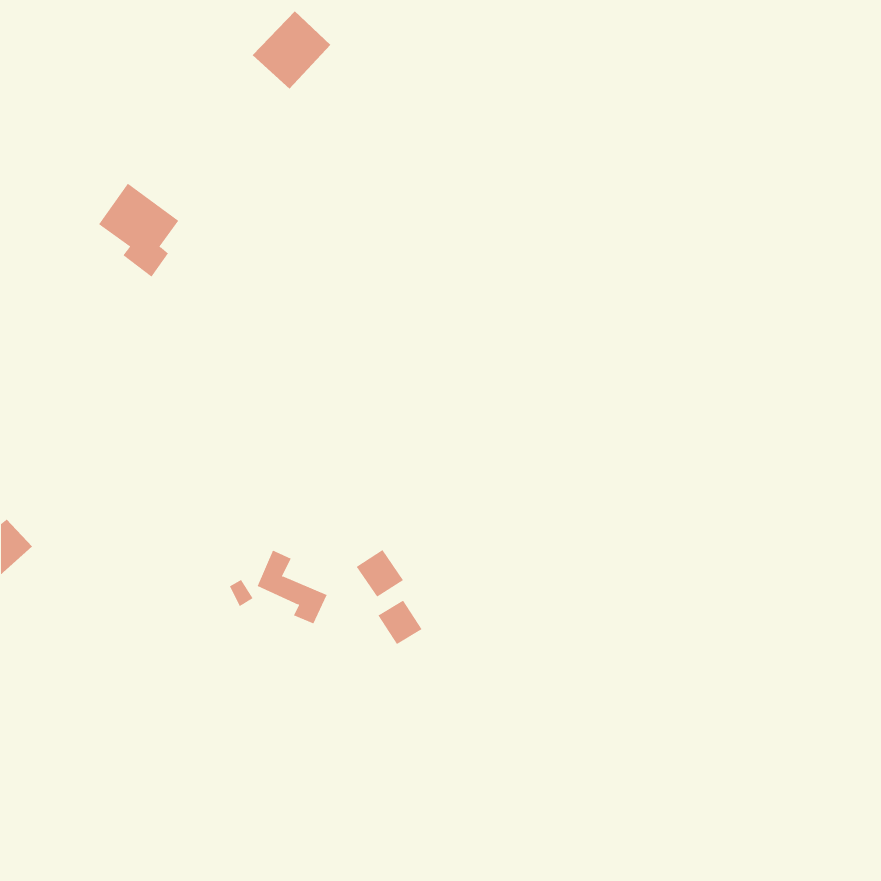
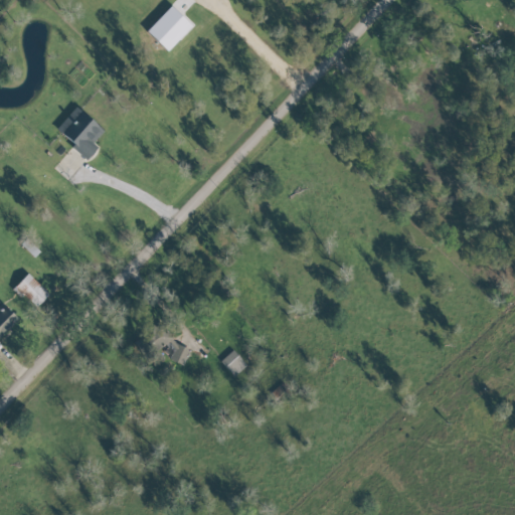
building: none -> [14,274,49,309]
building: [356,549,404,598] -> none

